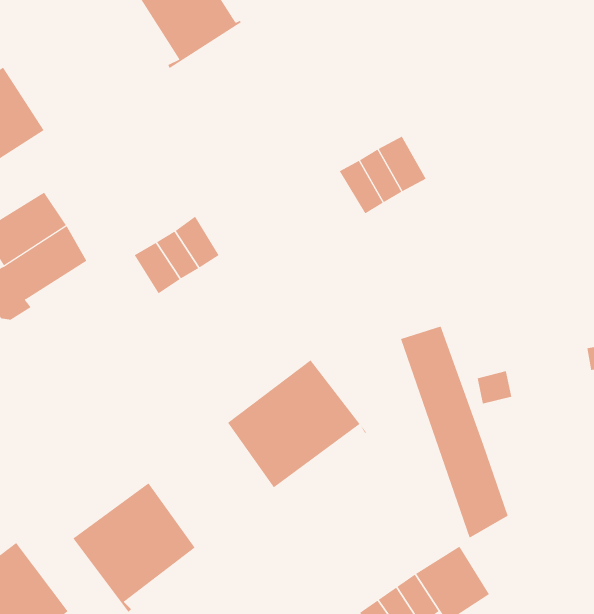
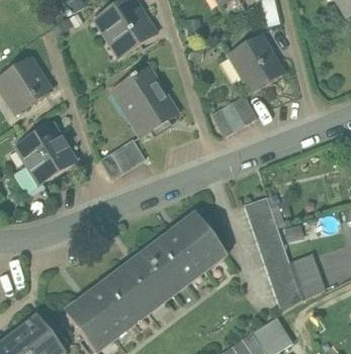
building: none -> [229,33,283,91]
building: none -> [110,64,180,137]
building: none -> [107,249,175,317]
building: none -> [289,252,325,299]

